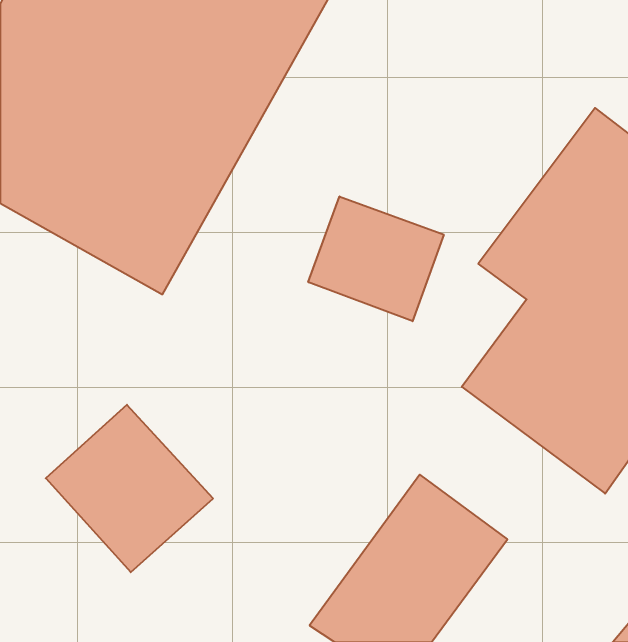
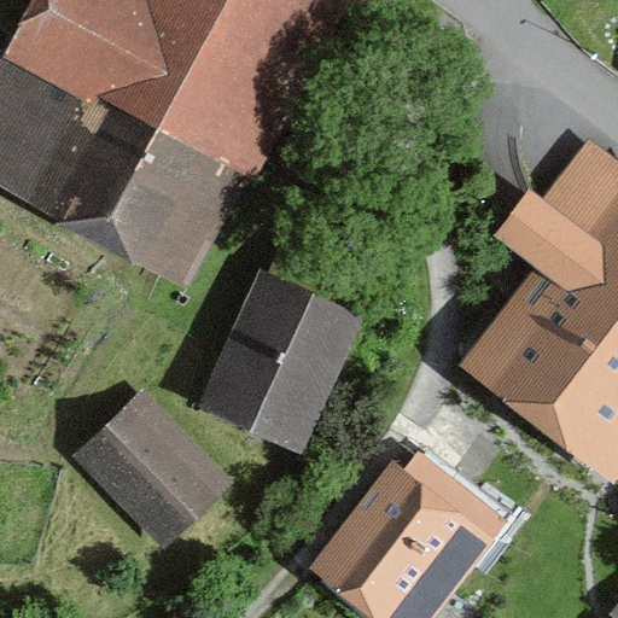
building: [308,196,444,321] -> none
building: none -> [193,278,346,447]

